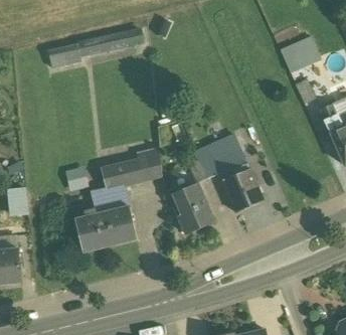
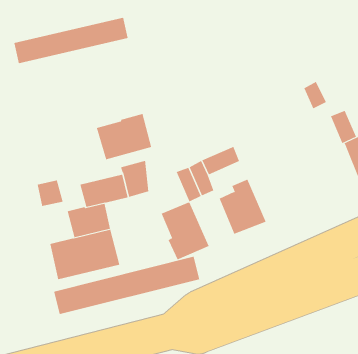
building: [281,37,321,72] -> none
building: none -> [96,113,152,160]
building: [213,149,247,181] -> none
building: none -> [53,256,200,315]

